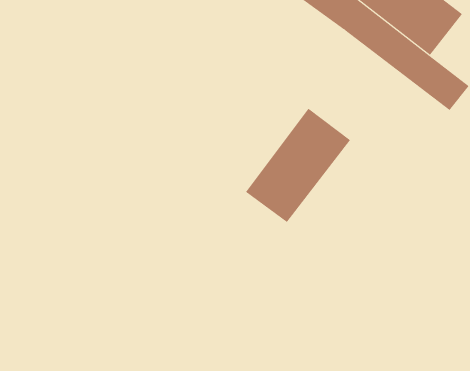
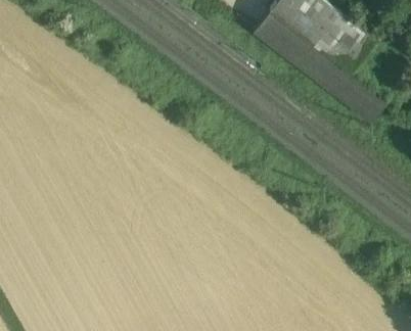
building: [245,108,351,223] -> none

